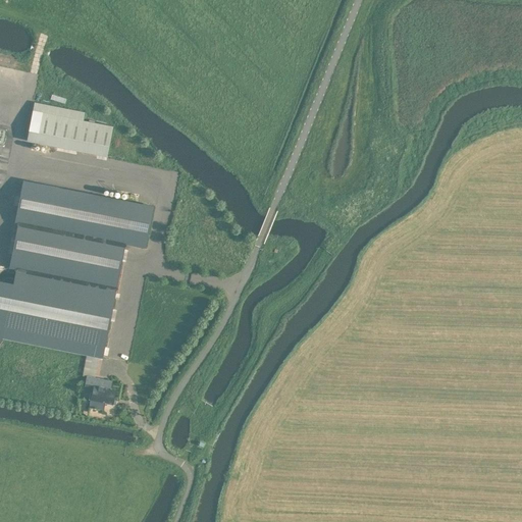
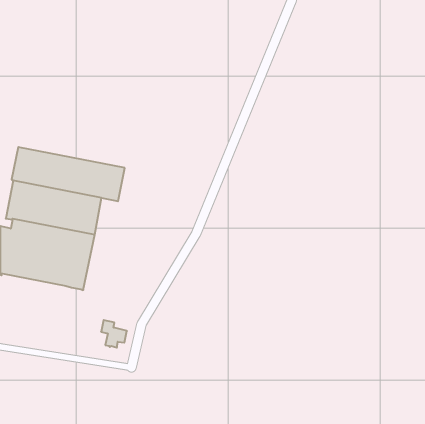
building: [25,102,112,157] -> none
building: [84,376,115,410] -> [101,320,127,348]

